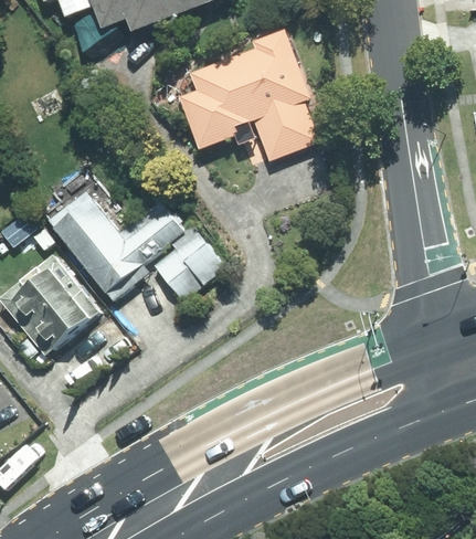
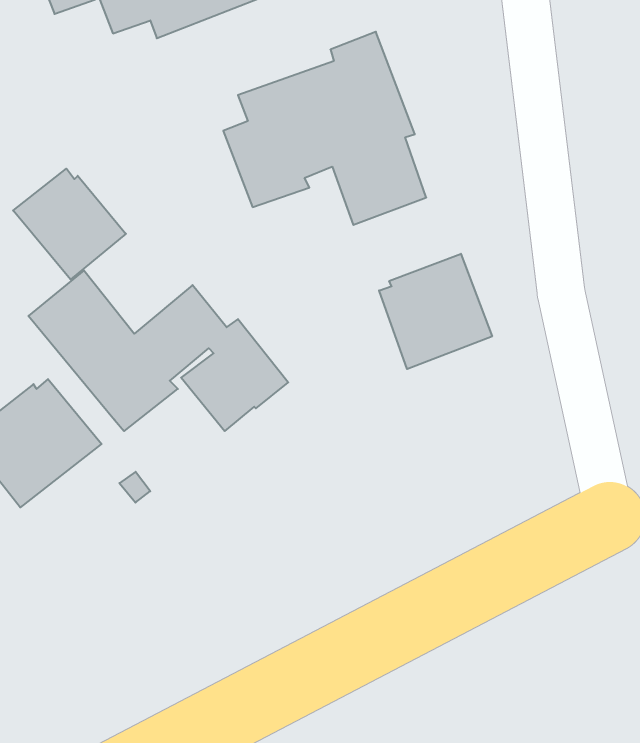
building: none -> [13,169,126,279]
building: none -> [379,254,492,369]

